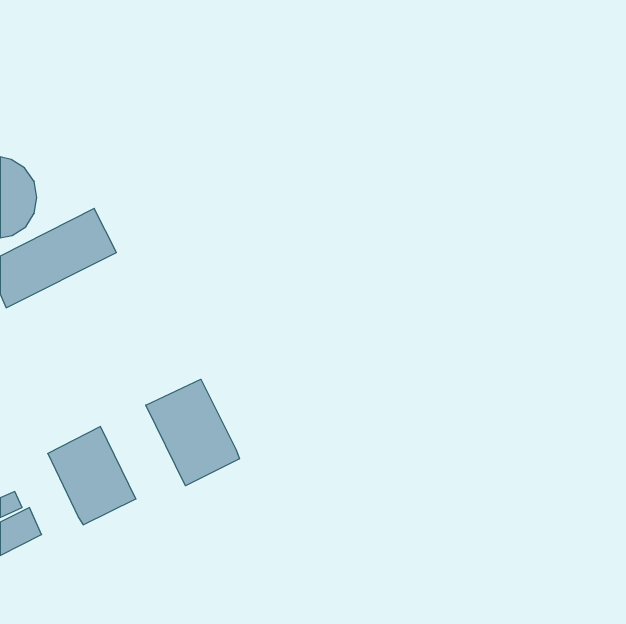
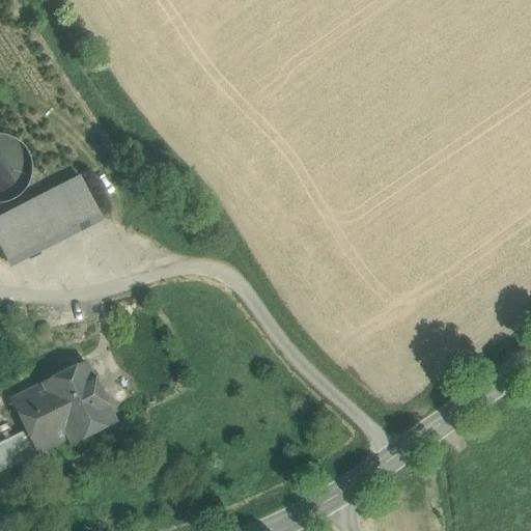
building: [146,379,239,486] -> none
building: none -> [10,384,66,452]

